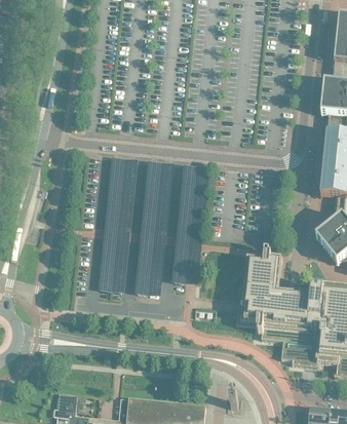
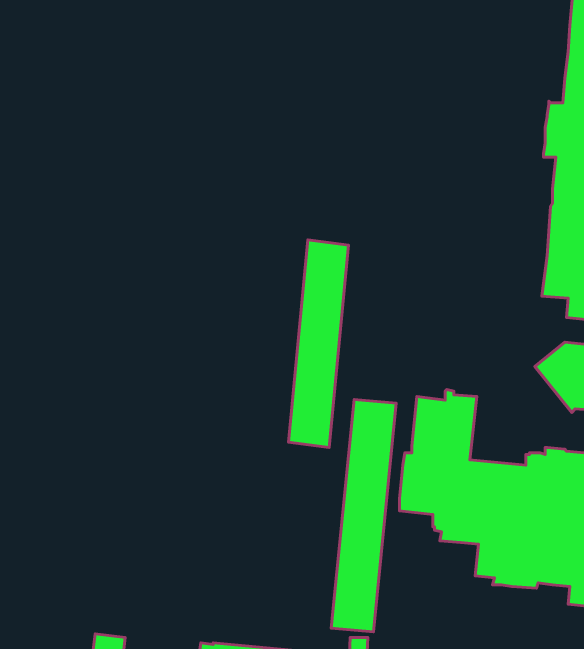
building: [99,155,136,291] -> none
building: [134,159,172,295] -> [331,400,396,632]

